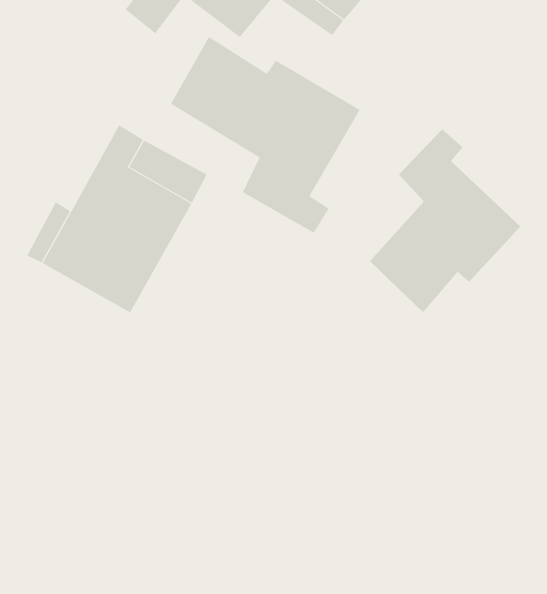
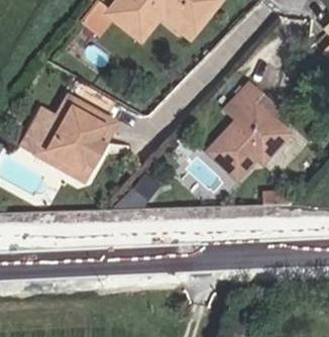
building: [170,36,361,234] -> none

